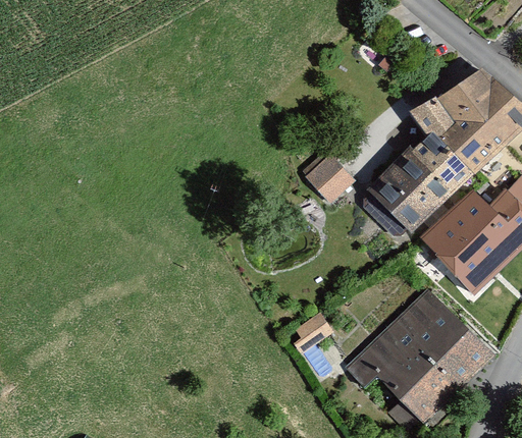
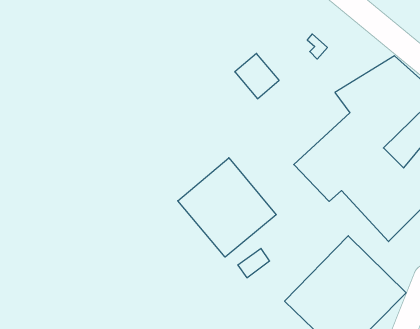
building: [304,149,358,204] -> [235,53,279,99]
building: none -> [178,158,276,257]

